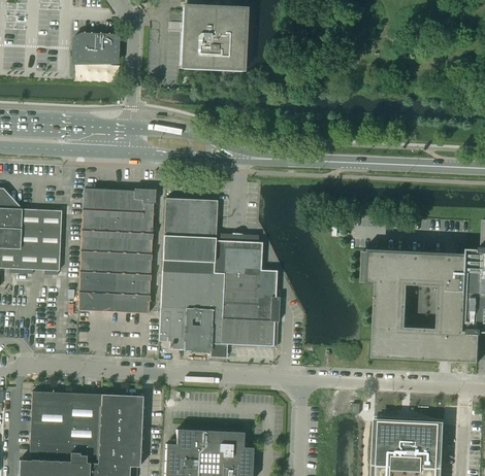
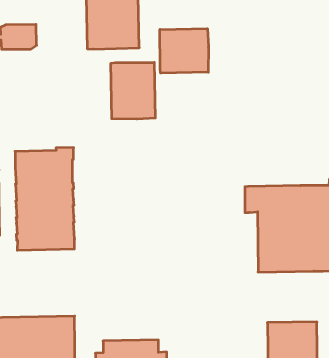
building: none -> [160,29,208,73]
building: none -> [111,62,155,119]
building: [159,198,280,351] -> none

